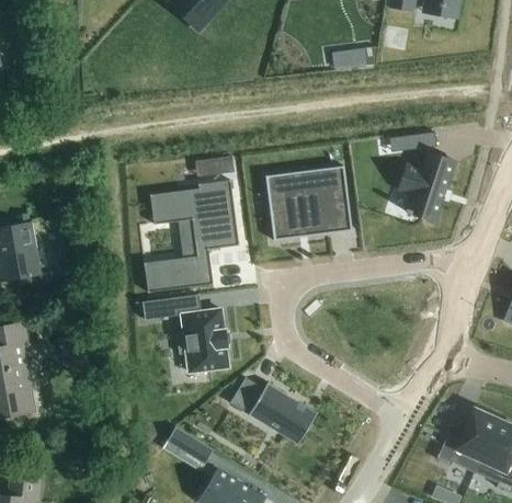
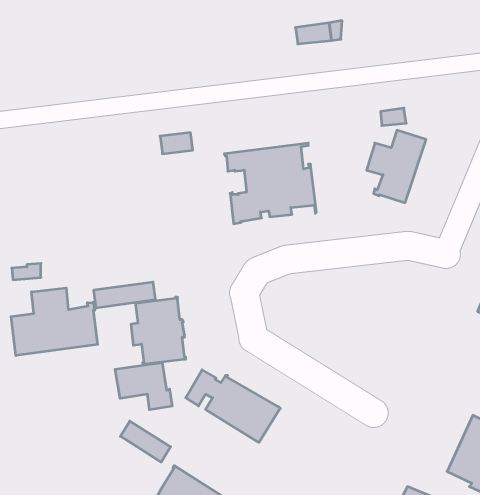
building: [144,180,238,293] -> none
building: none -> [11,288,98,356]
building: none -> [115,363,172,410]
building: [435,409,498,472] -> none

